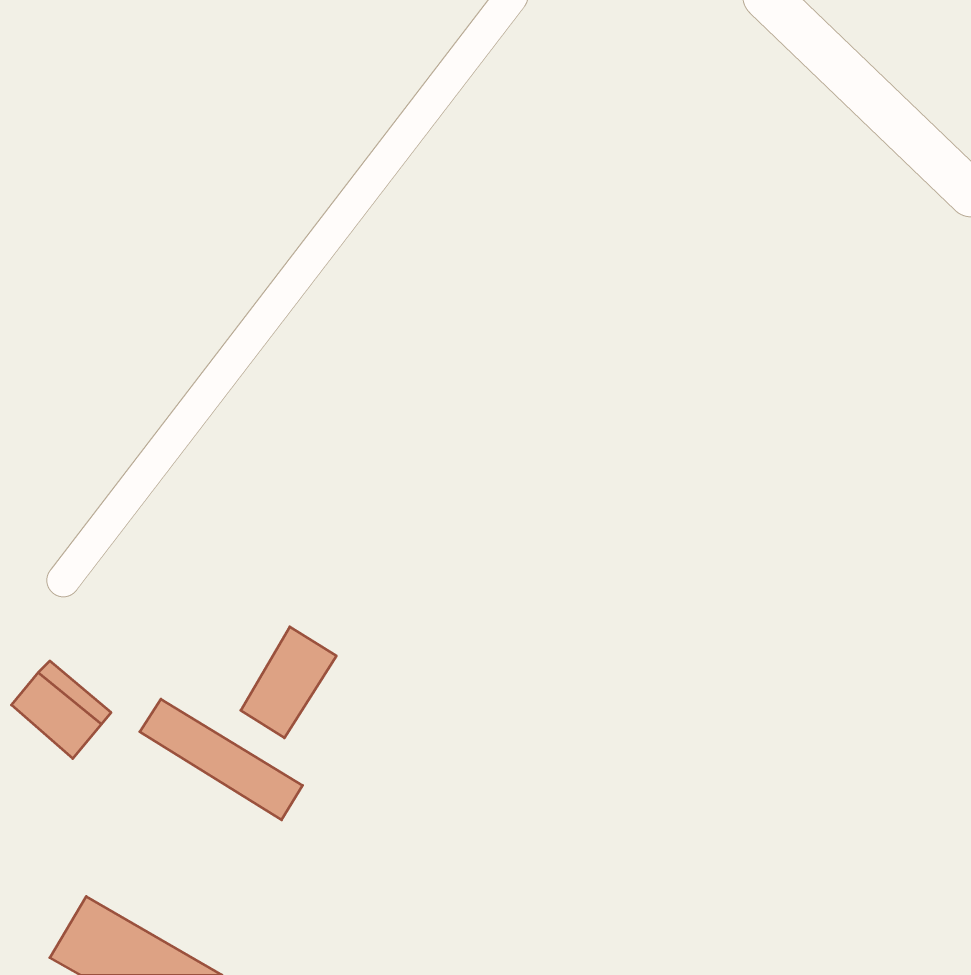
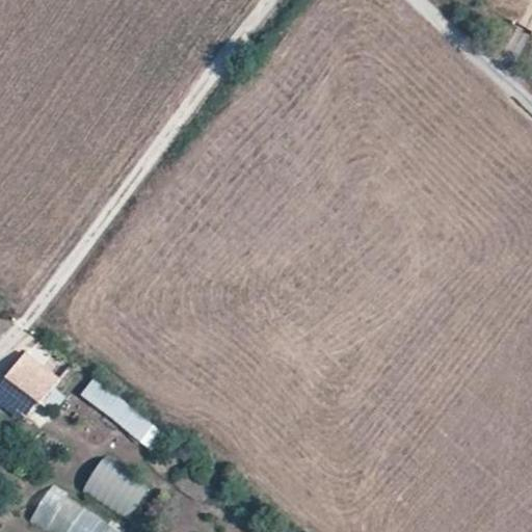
building: [241,627,336,738] -> none
building: none -> [80,457,147,516]

